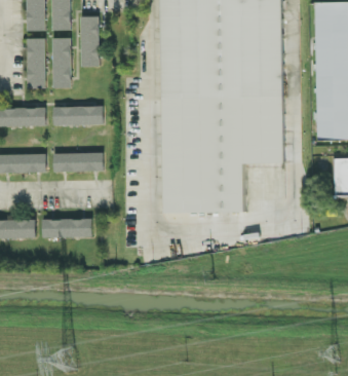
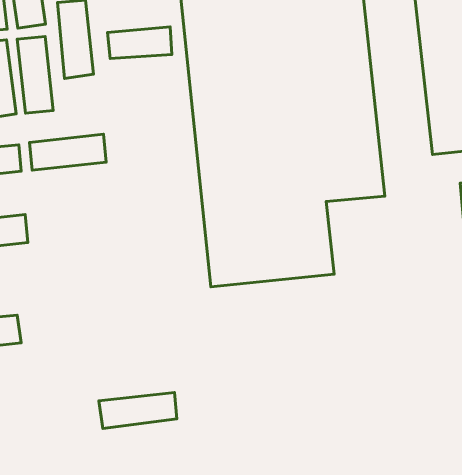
building: none -> [107,27,172,58]
building: [52,153,103,172] -> none
building: [41,219,91,238] -> [99,393,177,429]

